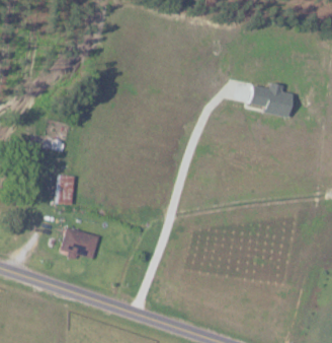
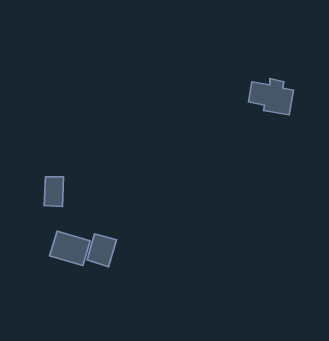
building: none -> [87,234,116,267]

